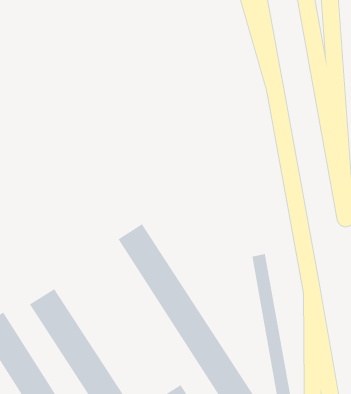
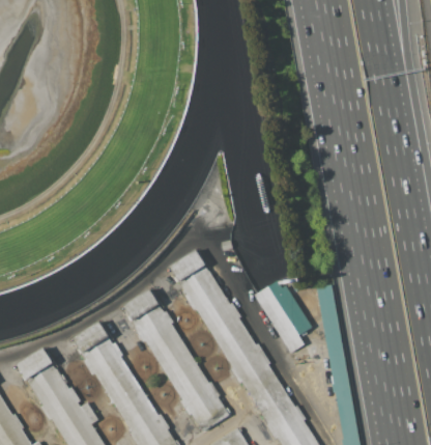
building: none -> [255,280,312,353]
building: none -> [122,288,233,434]

